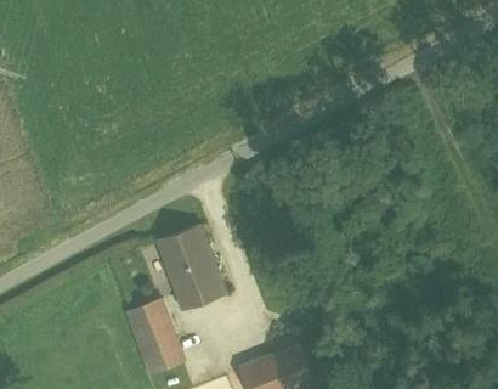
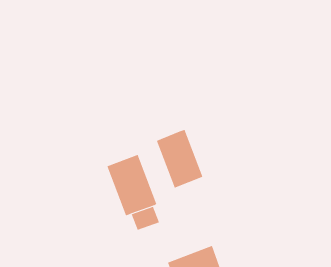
building: none -> [156,129,203,189]
building: [130,301,180,368] -> none

